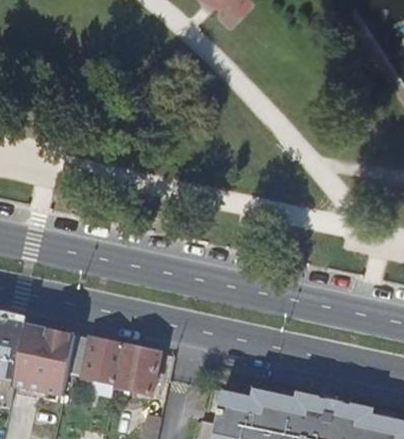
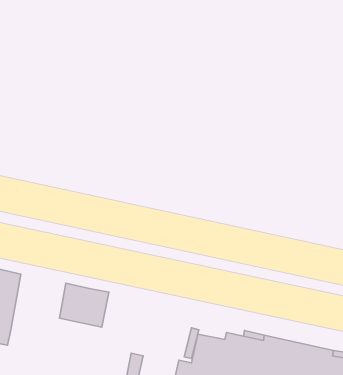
building: [14,323,75,395] -> none
building: [114,343,160,393] -> none

